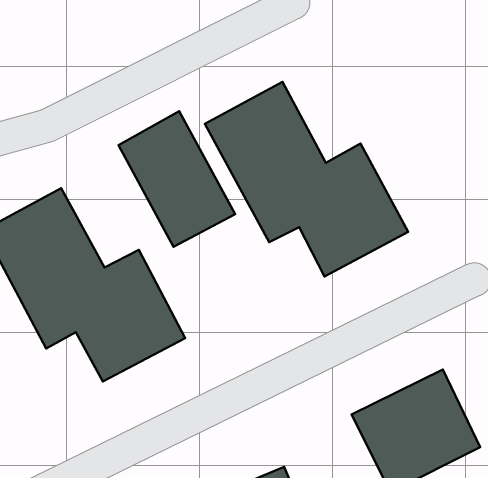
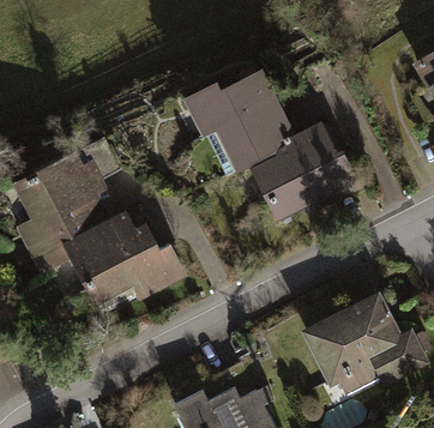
building: [119,111,235,247] -> none

